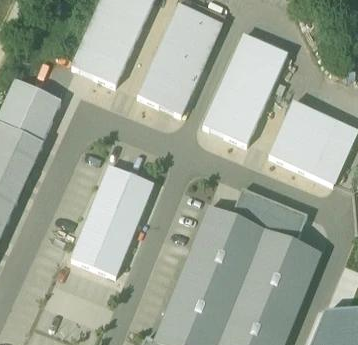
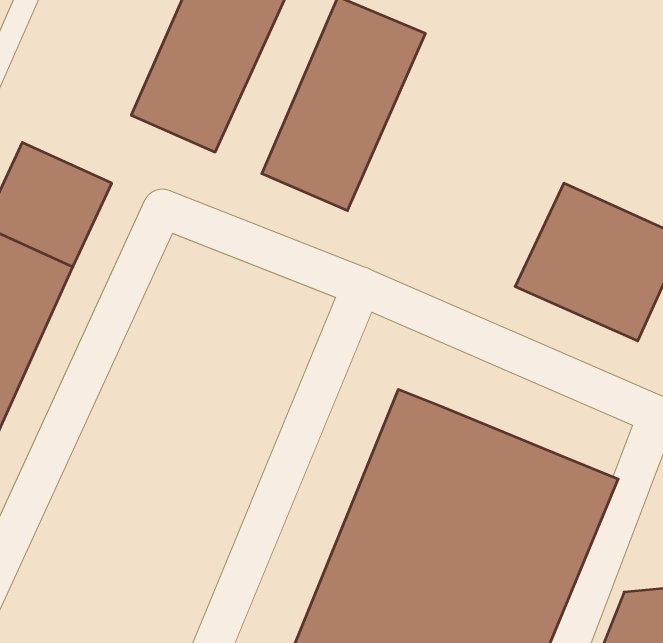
building: [204,35,287,145] -> none
building: [71,166,153,276] -> none
building: [232,192,305,242] -> none

